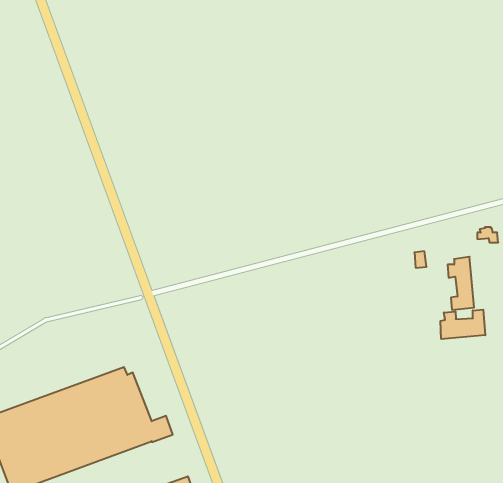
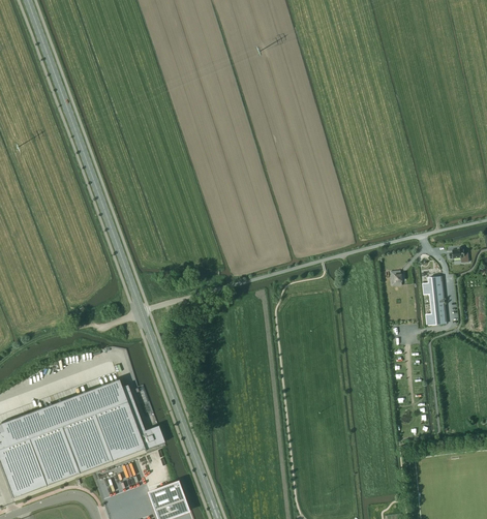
building: [440,310,485,339] -> none

